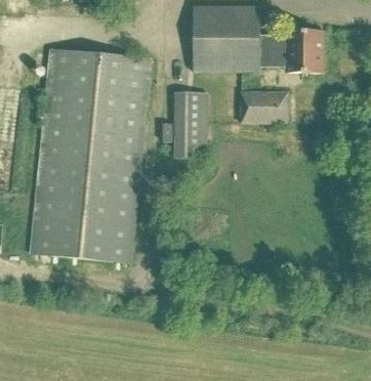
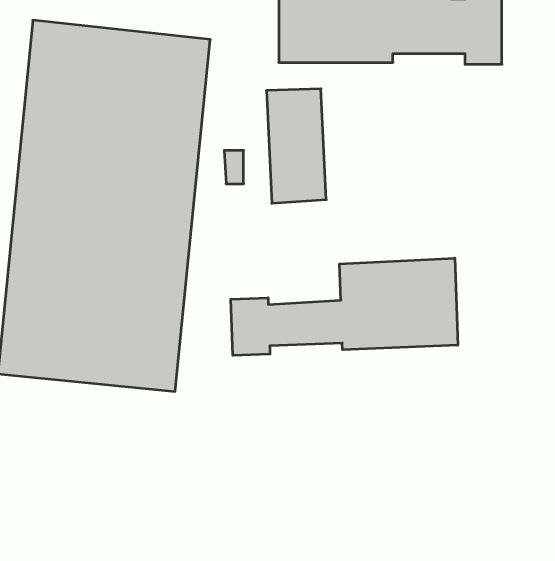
building: [240,91,288,123] -> none
building: none -> [231,258,458,355]

